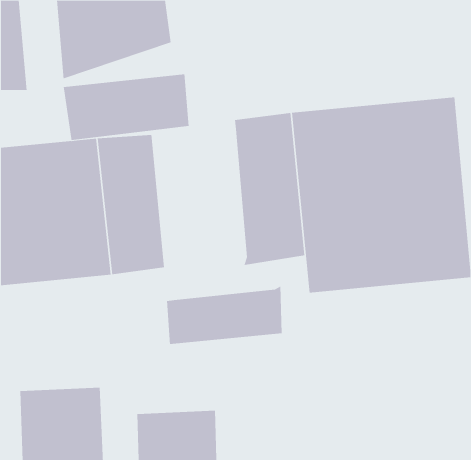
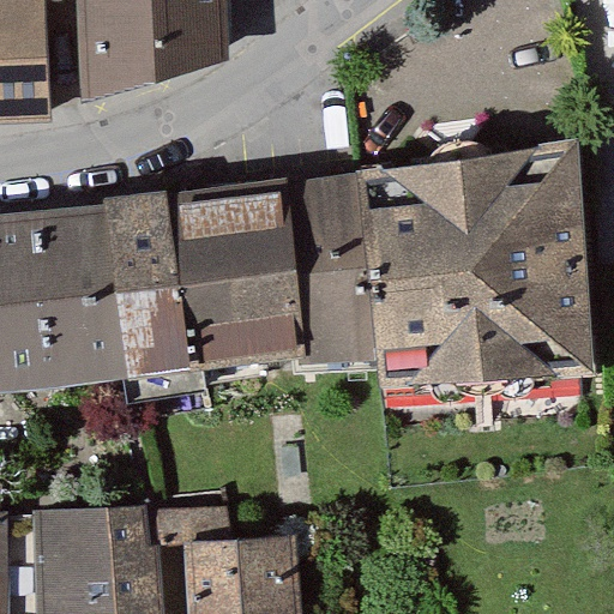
building: [63,73,189,141] -> none
building: none -> [198,182,320,362]
building: [166,285,282,345] -> none

